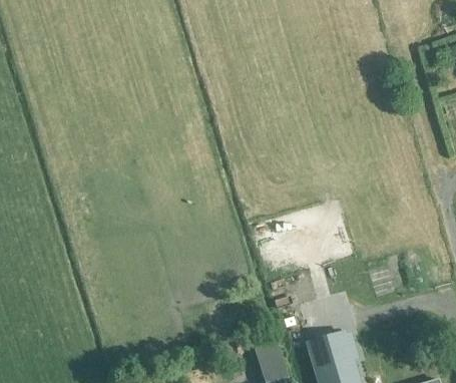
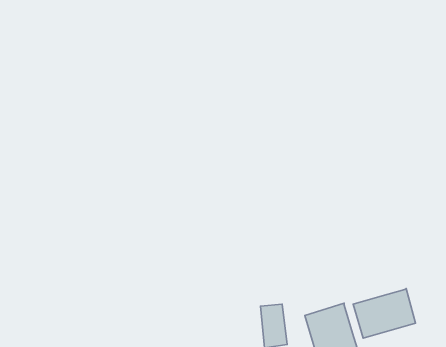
building: none -> [353,288,416,338]

